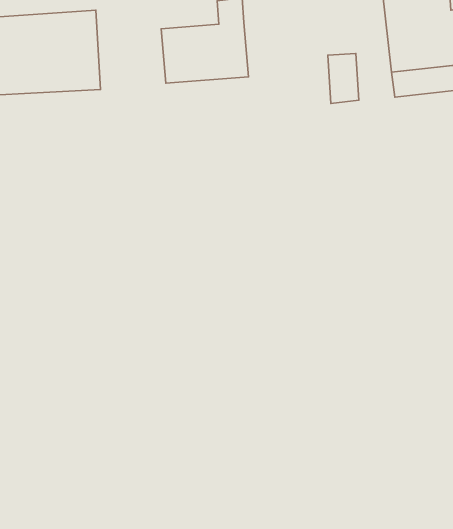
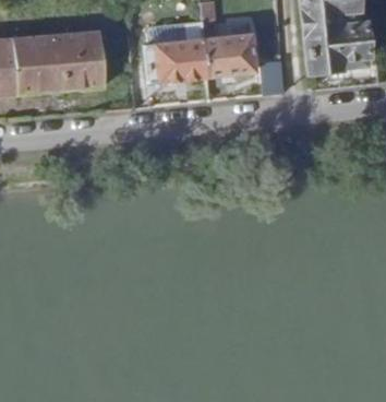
building: none -> [205,35,255,78]

